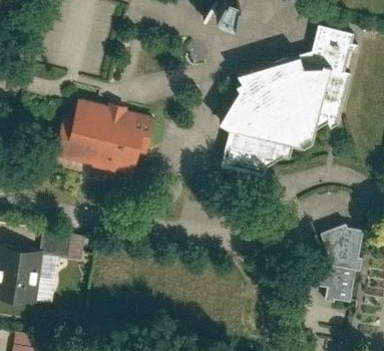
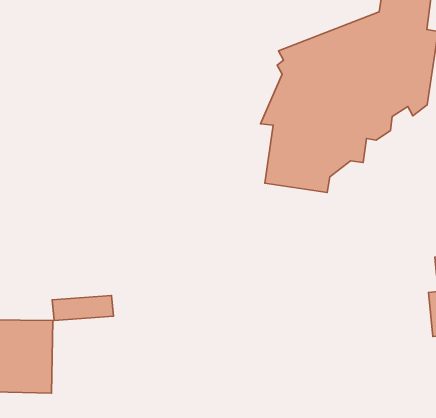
building: [56,99,160,179] -> none

